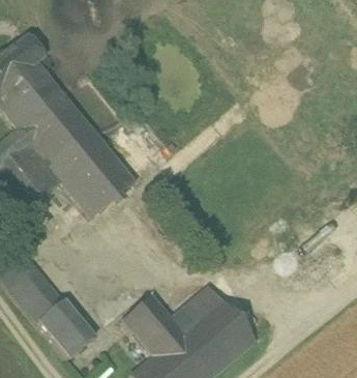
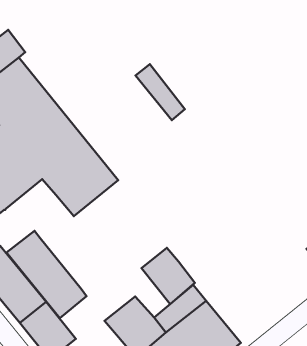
building: none -> [135,64,185,120]
building: none -> [6,231,87,318]
building: none -> [142,248,195,304]

